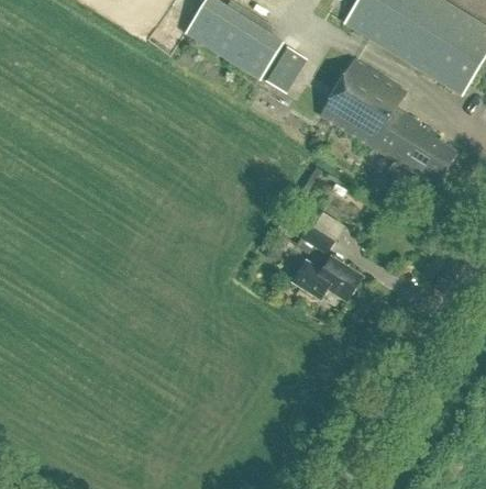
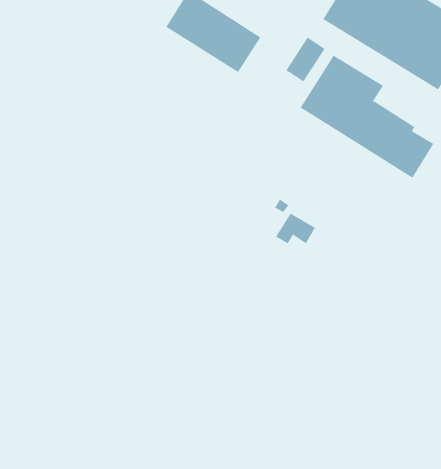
building: [265,46,306,92] -> [286,37,325,82]
building: [292,255,363,300] -> none

